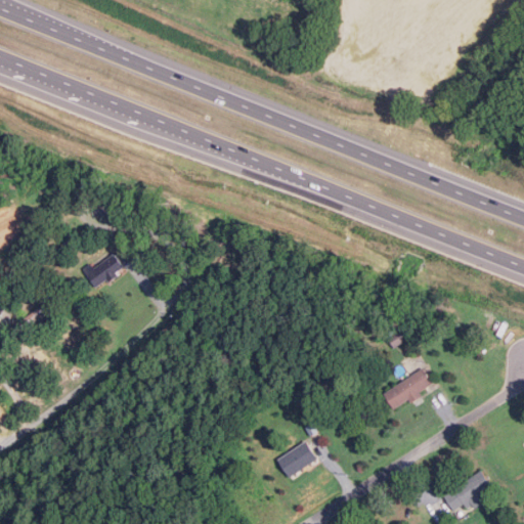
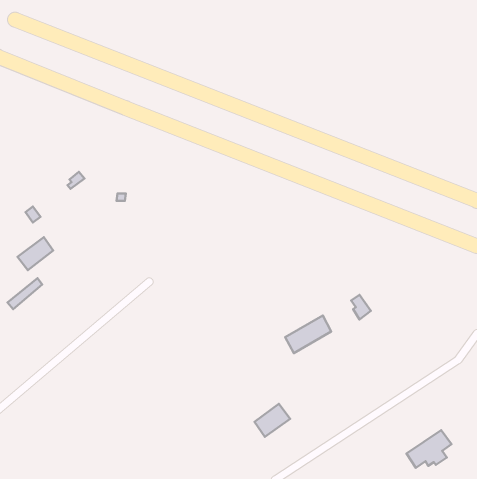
building: [84,254,123,290] -> [18,237,53,270]
building: [382,368,432,409] -> [285,316,331,353]

